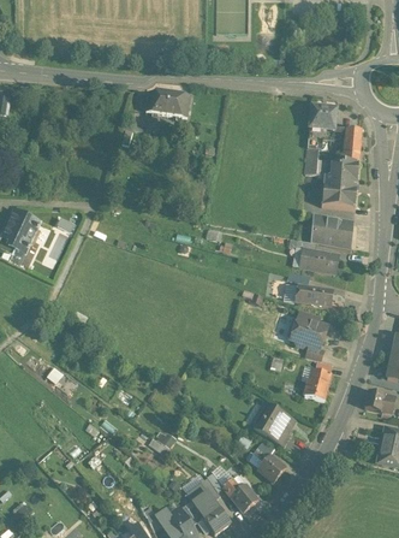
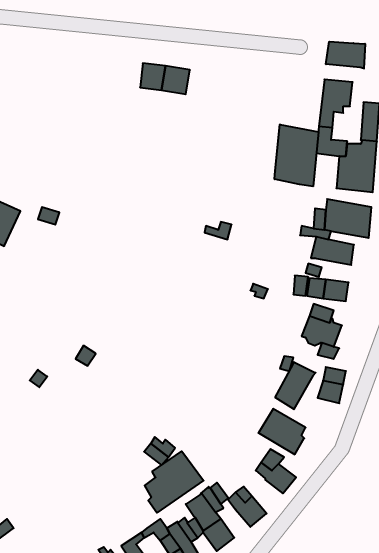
building: none -> [326,42,365,69]
building: none -> [275,124,318,186]
building: none -> [275,362,316,409]
building: none -> [145,451,204,513]

